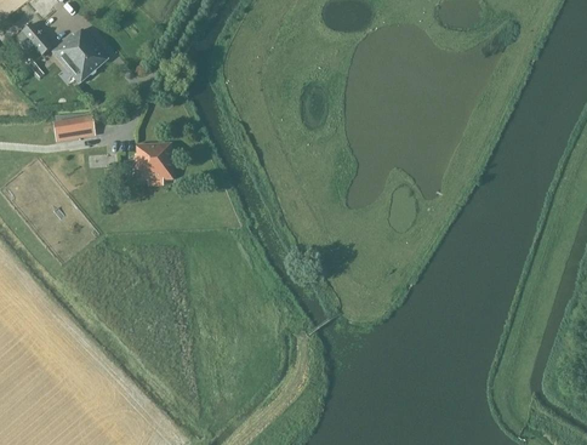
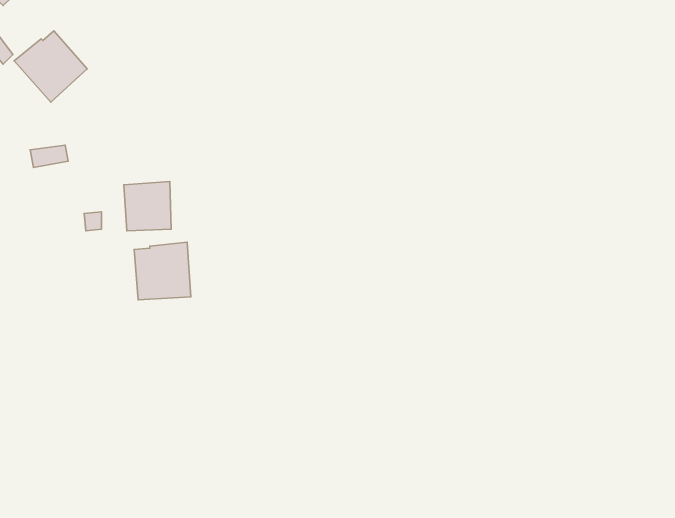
building: none -> [134,242,191,300]

